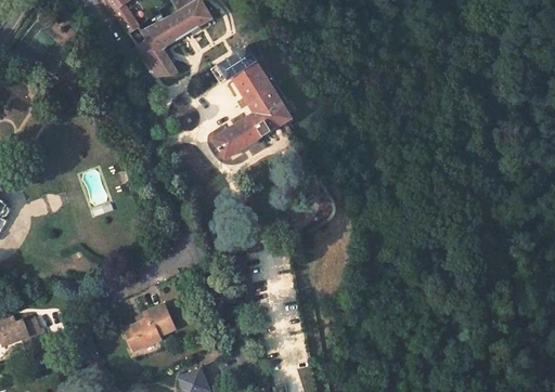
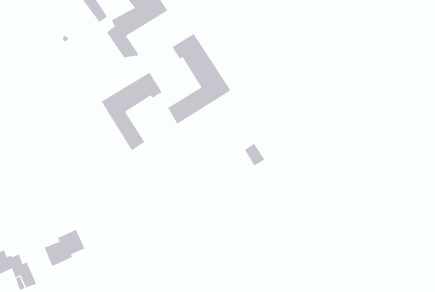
building: none -> [101,72,163,151]
building: [122,304,173,351] -> [44,229,85,267]

